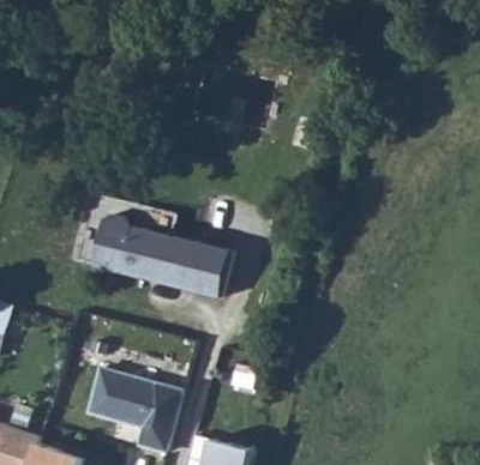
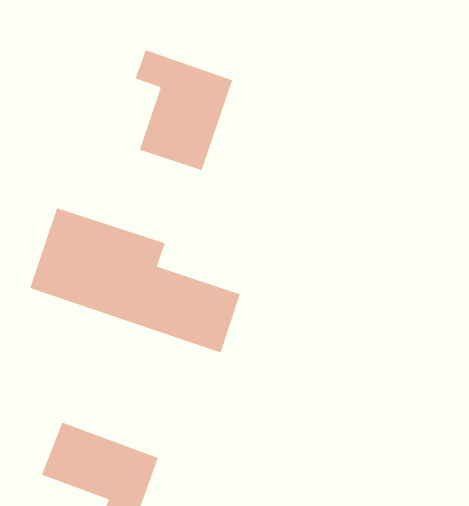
building: none -> [135,49,233,171]

